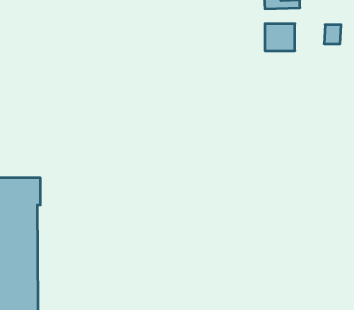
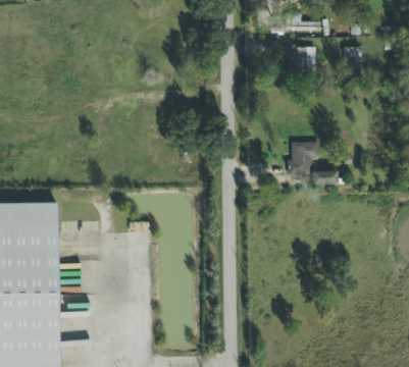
building: none -> [290,144,338,187]

